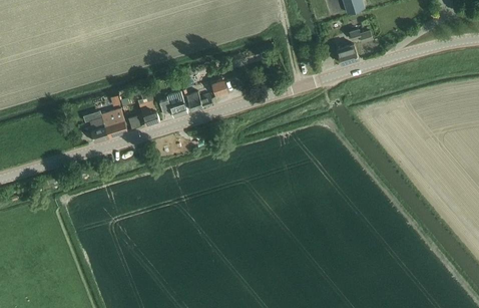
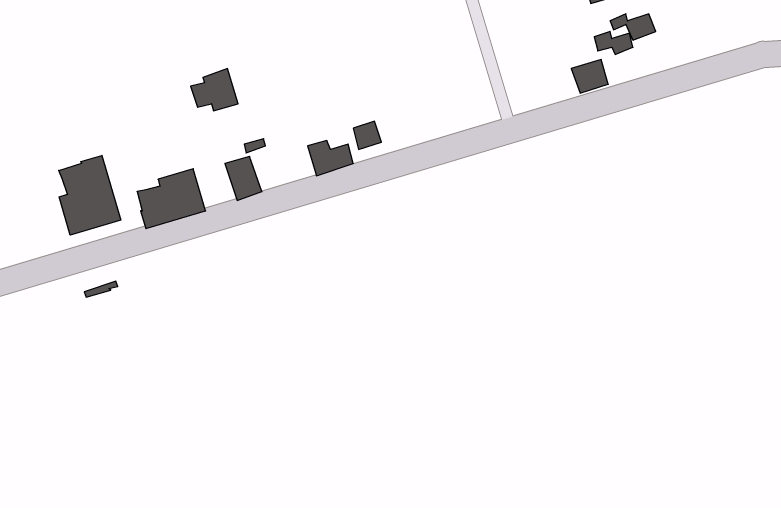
building: [159,90,186,114] -> [191,69,238,111]
building: none -> [59,155,121,235]

